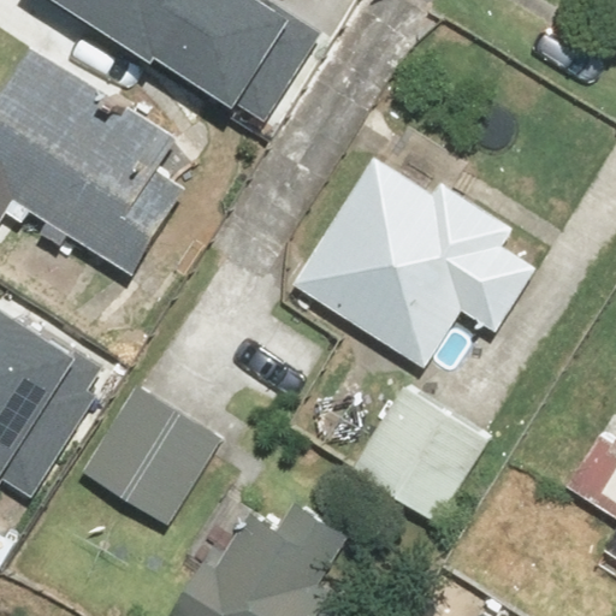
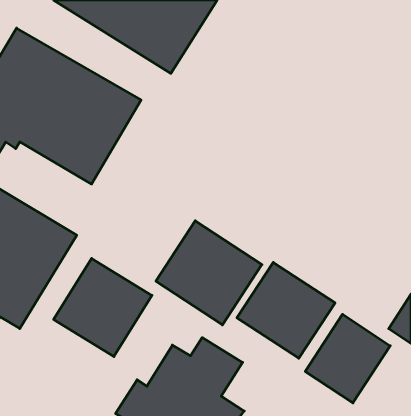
building: [291,156,545,371] -> none
building: none -> [156,221,262,325]
building: none -> [305,314,390,403]

